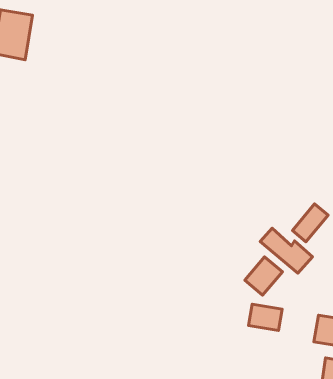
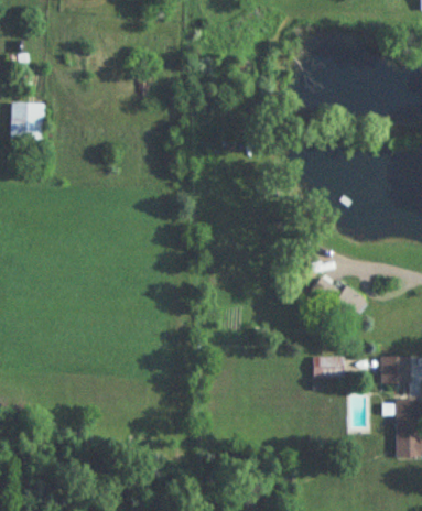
building: [292,204,328,242] -> none
building: [245,257,282,295] -> none

